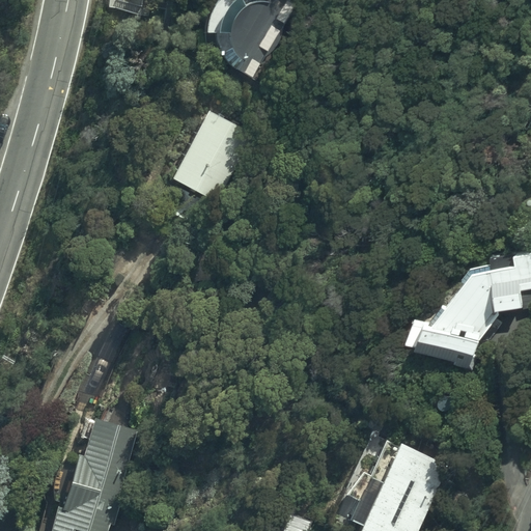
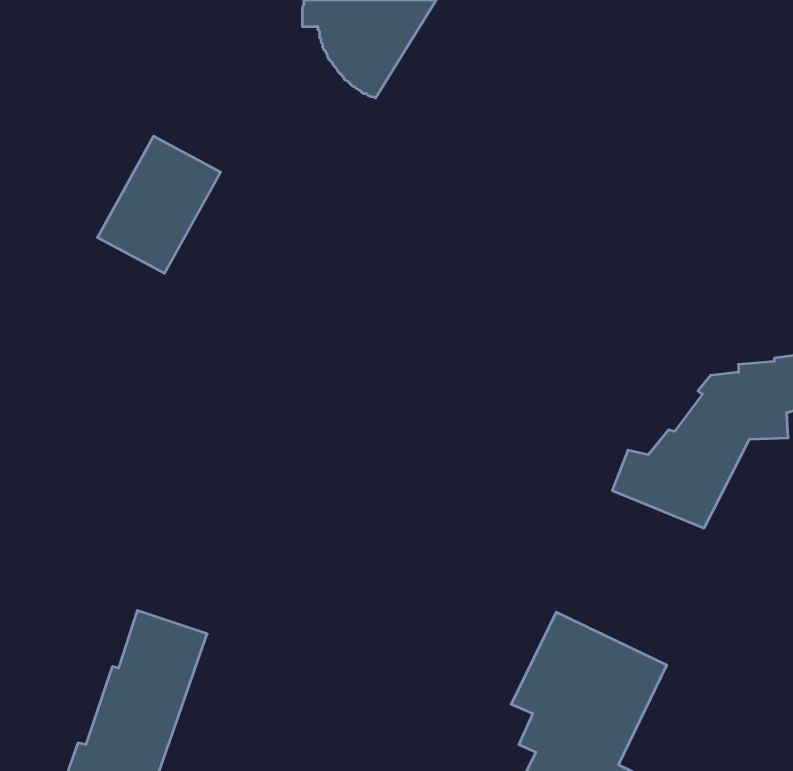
building: [169,104,251,195] -> [97,136,221,273]

